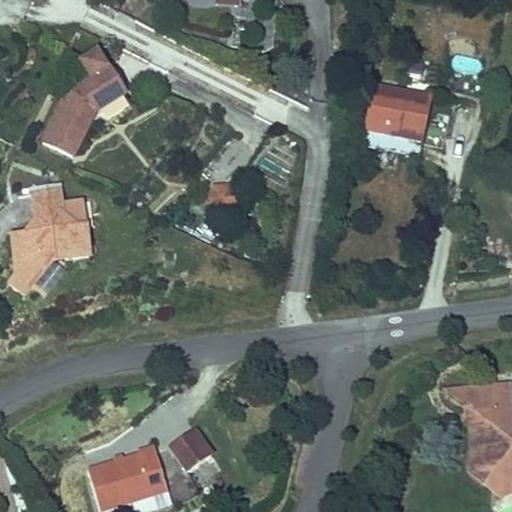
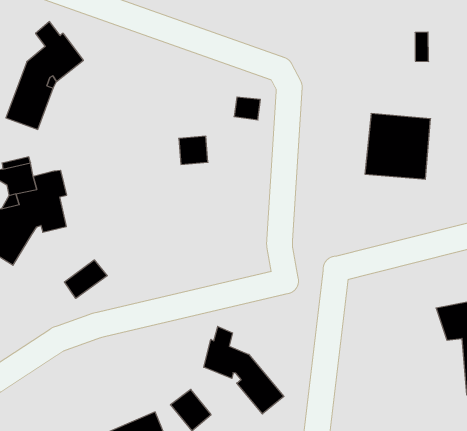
building: [361,83,432,154] -> [365,114,431,179]
building: none -> [64,260,107,298]
building: none -> [204,326,284,414]

